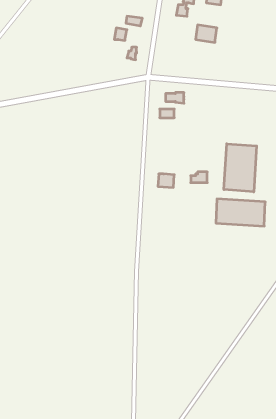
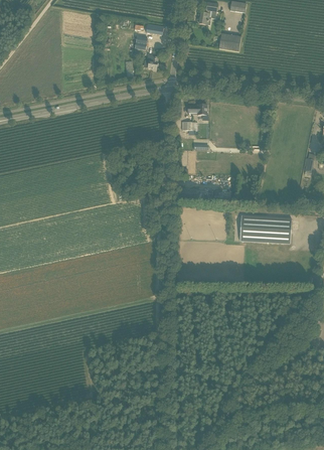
building: [224,144,257,192] -> none

